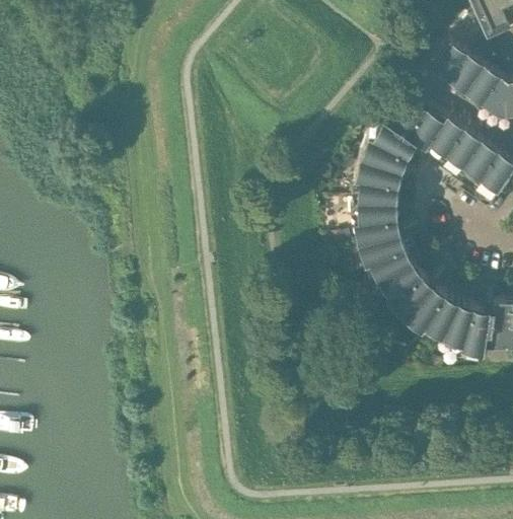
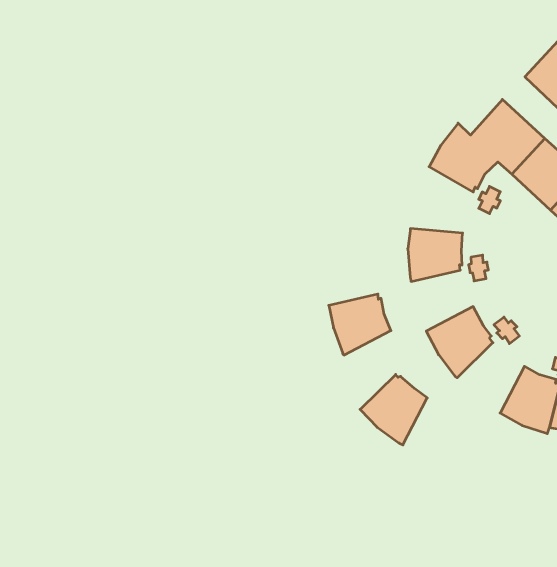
building: [357,157,402,208] -> none
building: [363,235,415,287] -> [329,294,391,355]
building: [410,289,461,344] -> [360,374,427,445]

